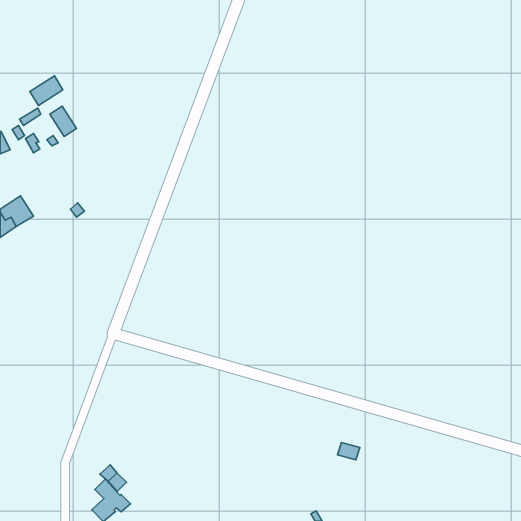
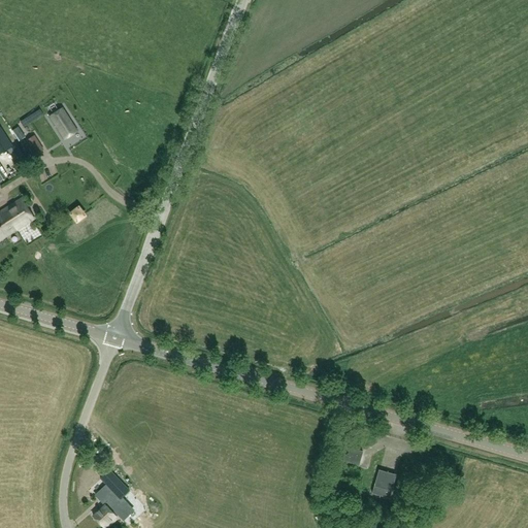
building: [30,76,63,106] -> none
building: none -> [373,471,396,499]

